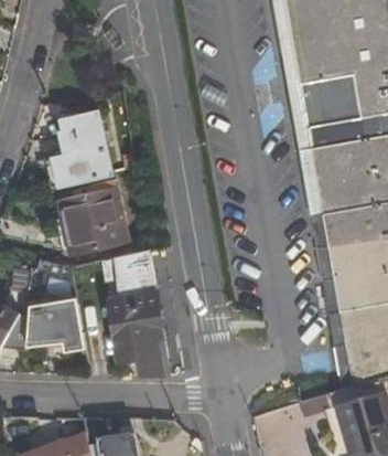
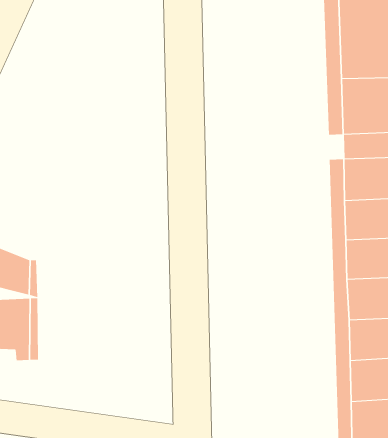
building: [52,108,115,184] -> none
building: [57,179,130,253] -> none
building: [104,248,164,375] -> none

